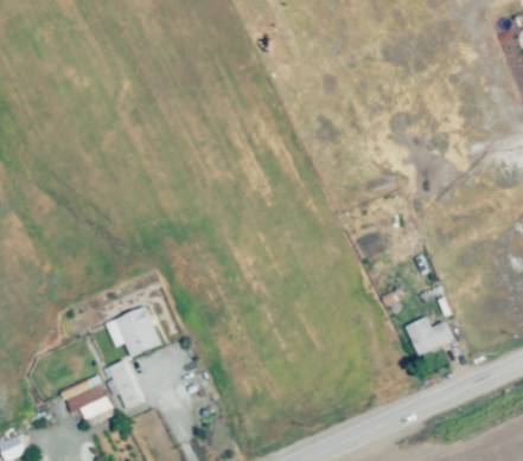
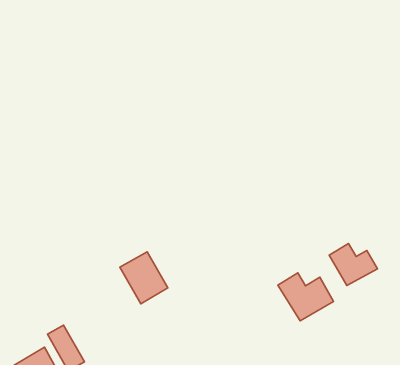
building: [114,305,160,357] -> [120,252,168,304]
building: none -> [278,273,334,321]

